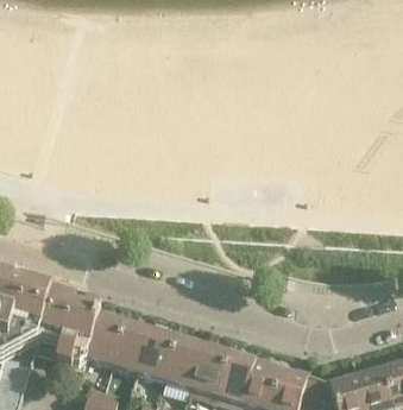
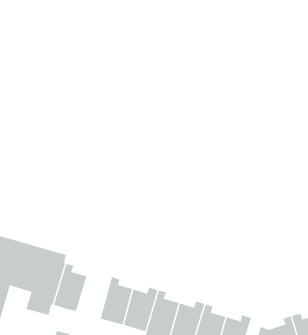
building: [113,323,152,373] -> none

